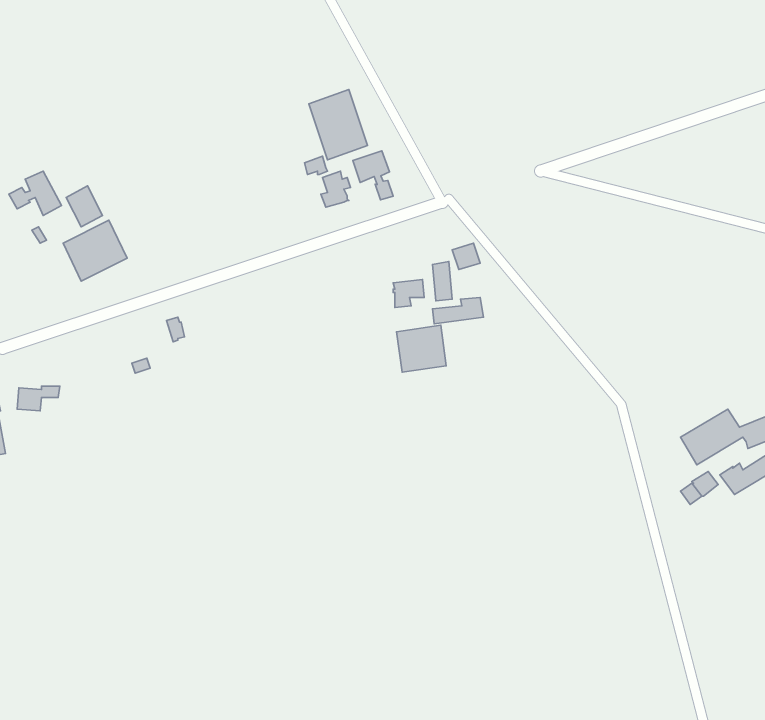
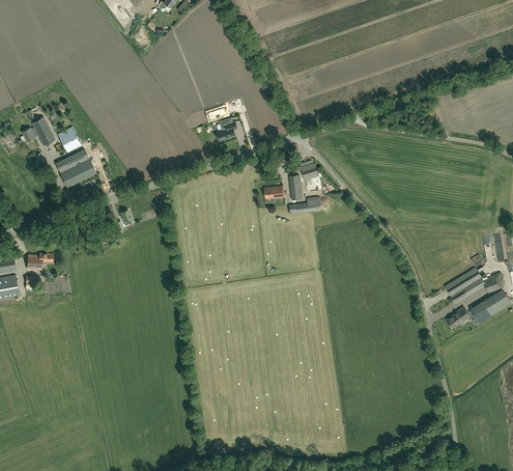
building: [309,89,368,160] -> none
building: [353,151,393,200] -> none
building: [397,325,446,372] -> none

